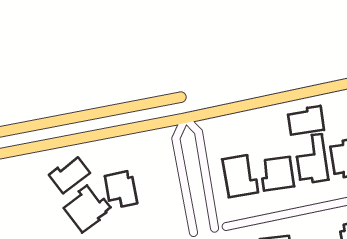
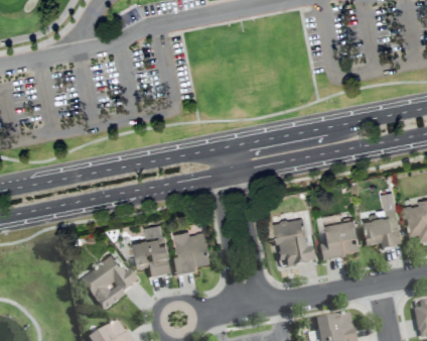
building: [288,106,324,135] -> none
building: [49,157,90,193] -> none
building: none -> [172,228,209,274]

